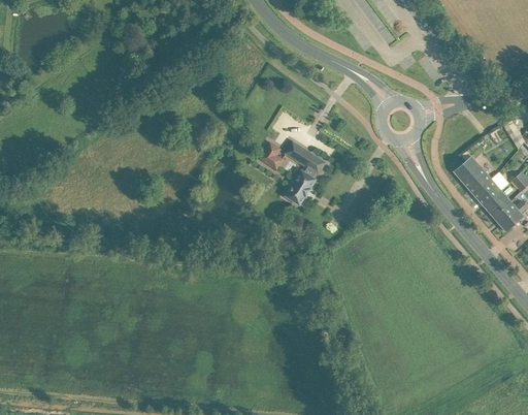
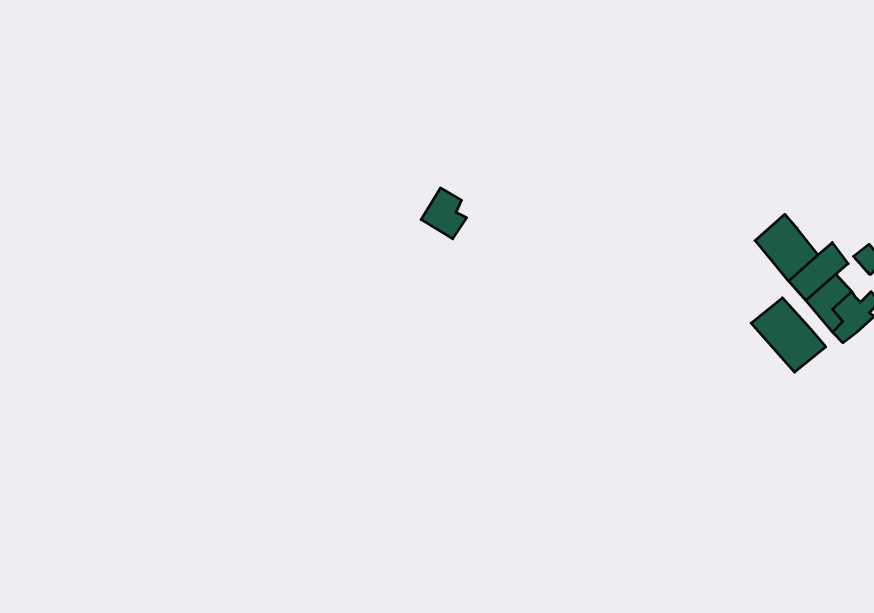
building: [285,140,326,204] -> none
building: none -> [751,298,826,372]

